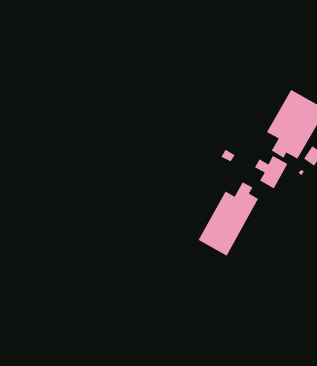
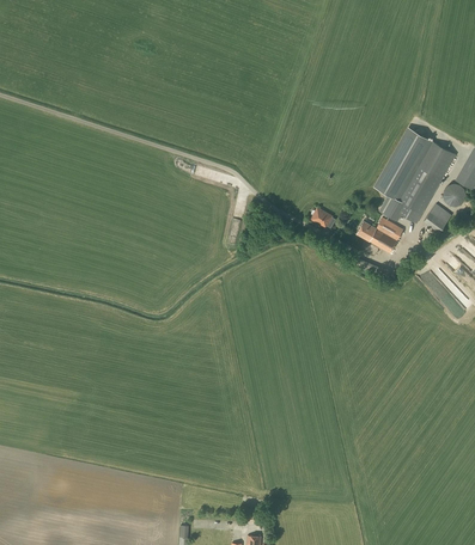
building: [198,182,259,257] -> none

